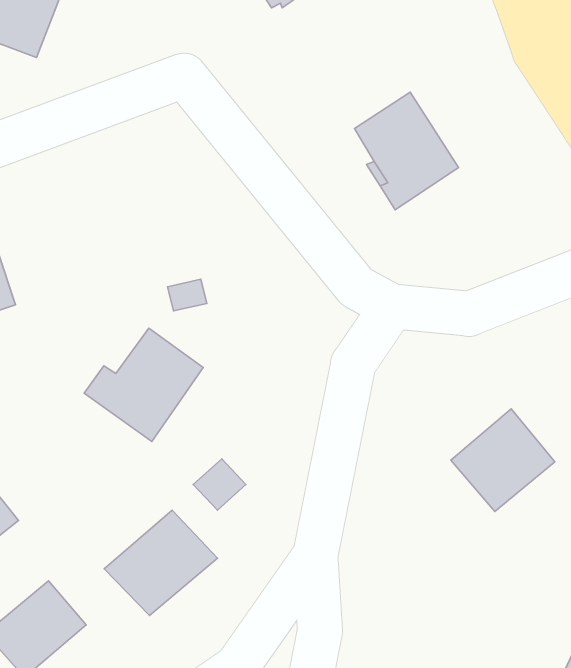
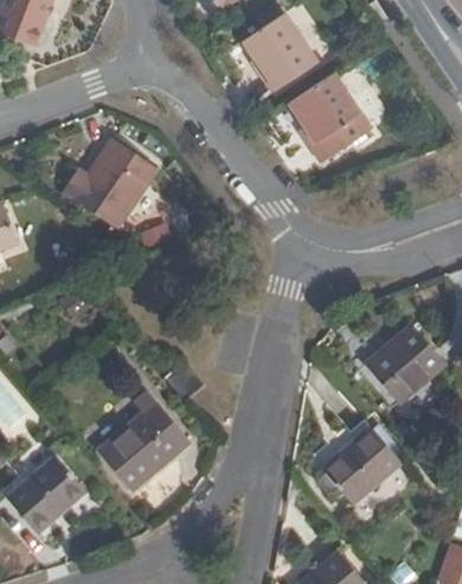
building: none -> [248,15,322,92]
building: [84,328,203,441] -> [65,135,159,224]
building: none -> [312,426,392,505]

